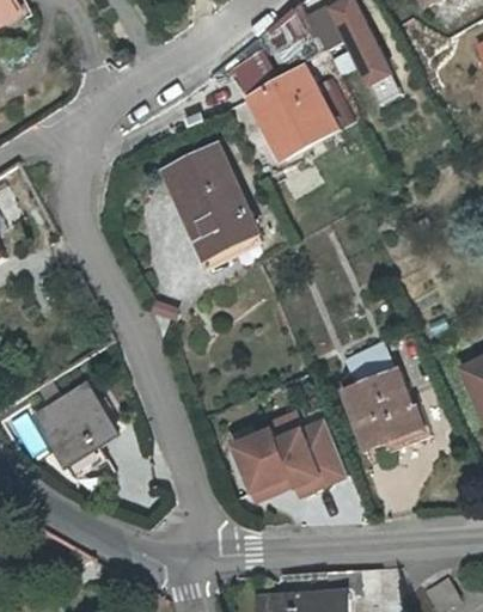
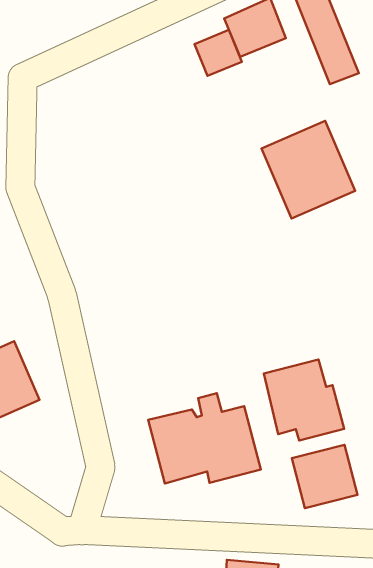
building: [245,65,343,165] -> [261,121,355,218]
building: [159,143,263,263] -> none
building: none -> [292,445,358,508]

